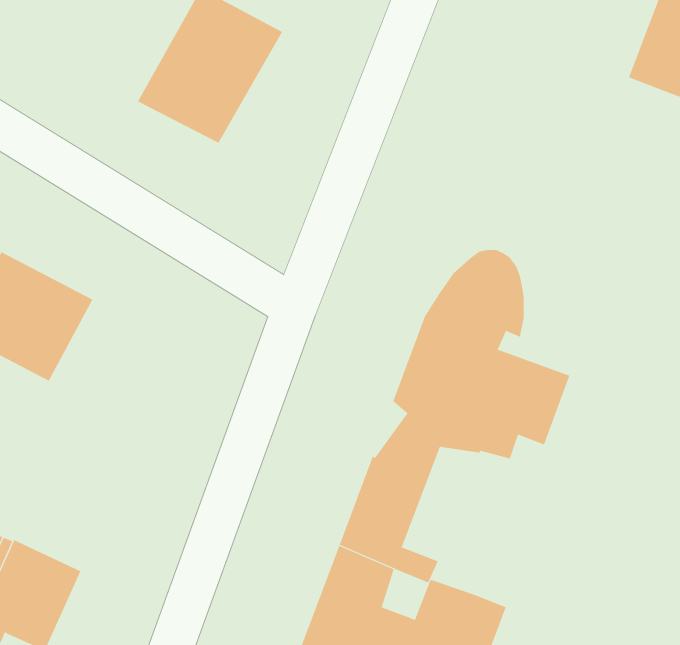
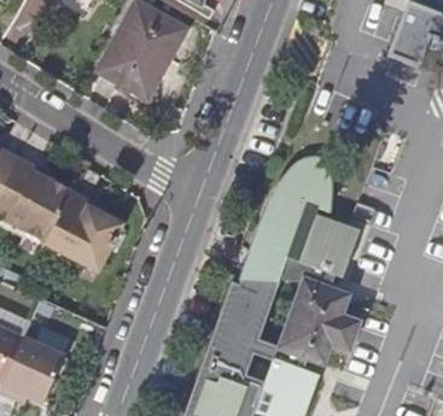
building: none -> [43,191,122,266]
building: none -> [275,282,361,369]

